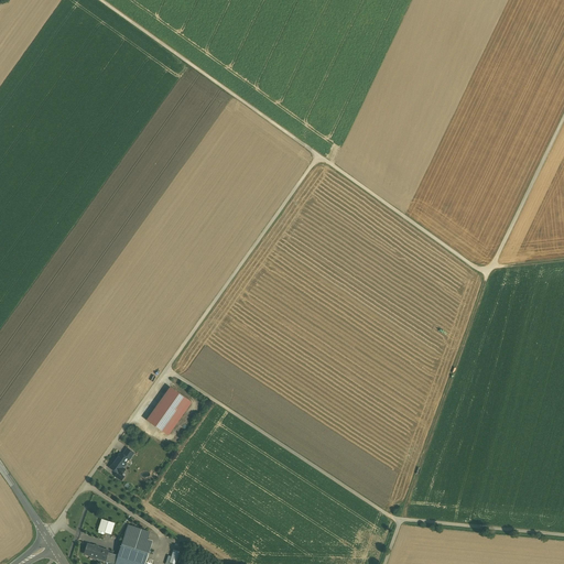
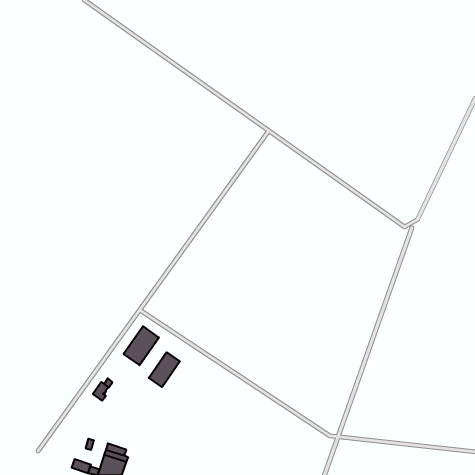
building: none -> [149,352,180,387]

